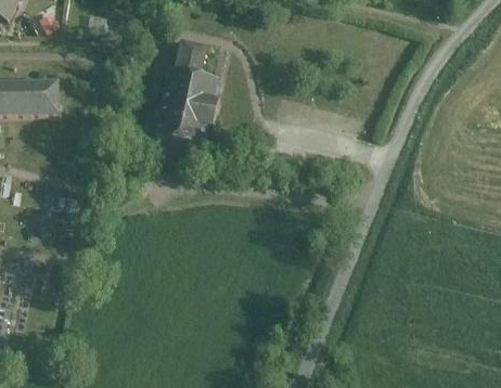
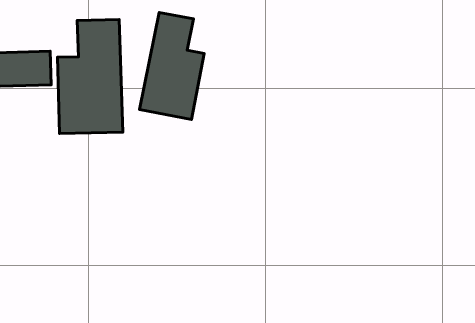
building: none -> [57,20,123,133]

